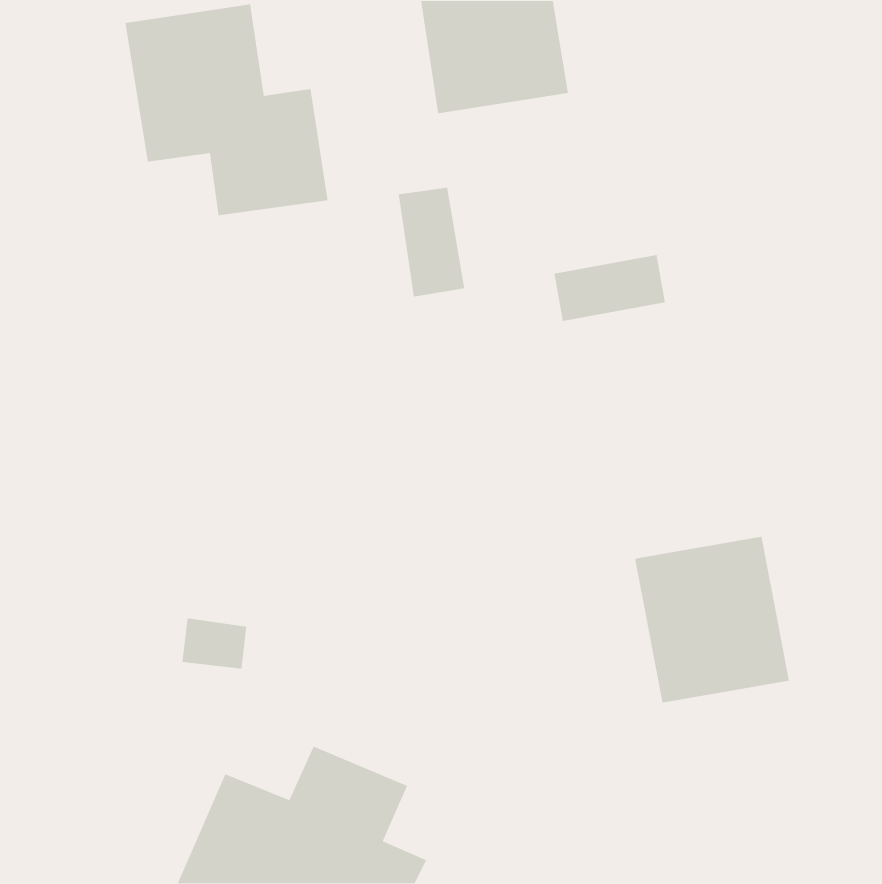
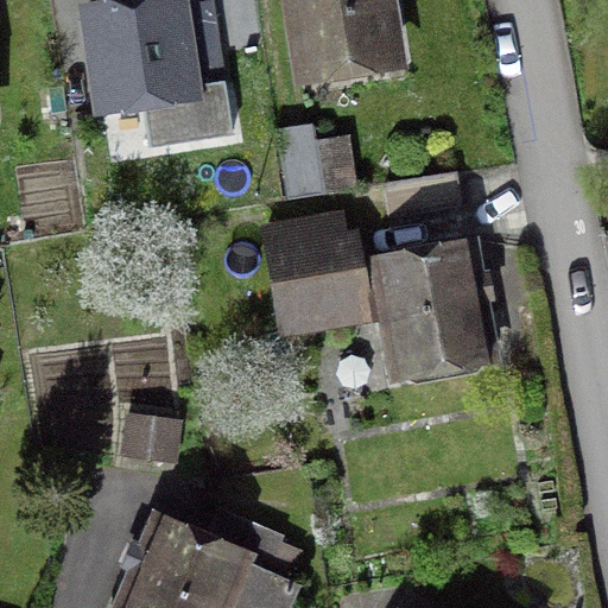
building: none -> [271,234,349,328]
building: [634,536,790,704] -> [378,256,484,372]

